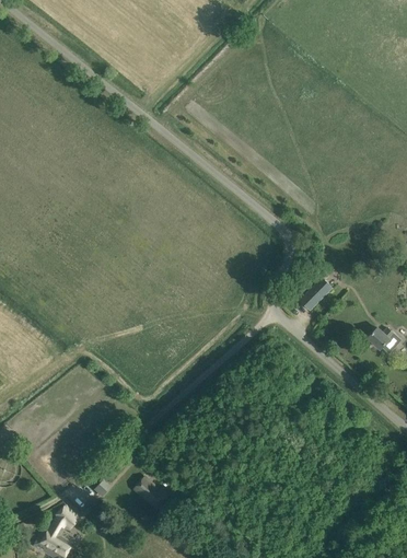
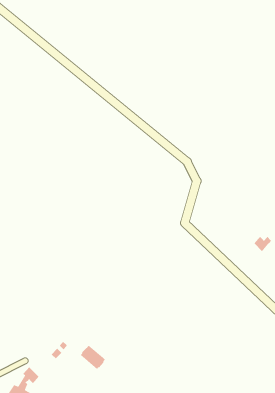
building: [298,279,332,313] -> none

